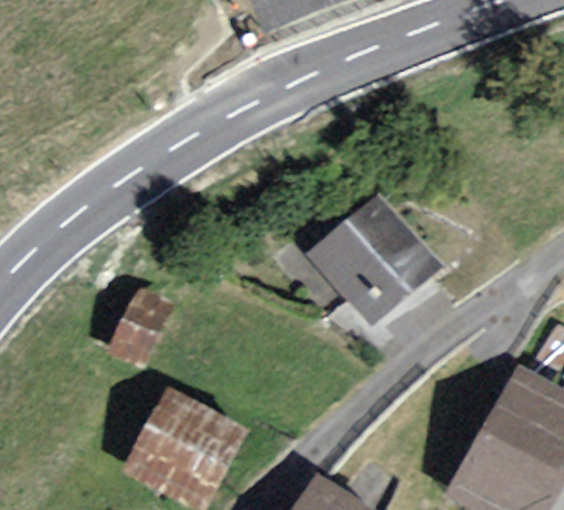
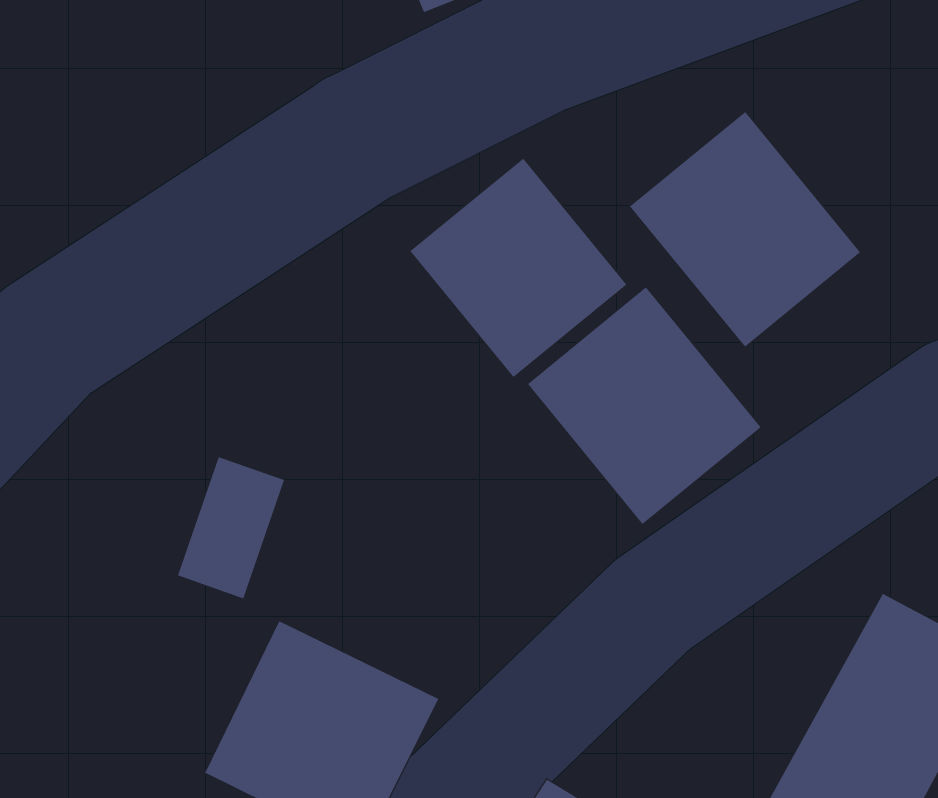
building: none -> [629,111,861,347]
building: none -> [410,158,627,378]

